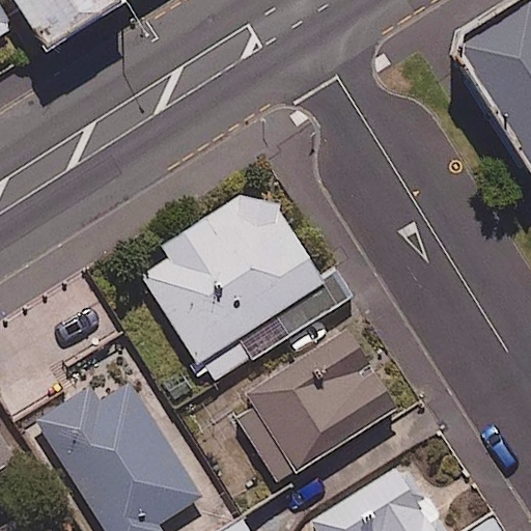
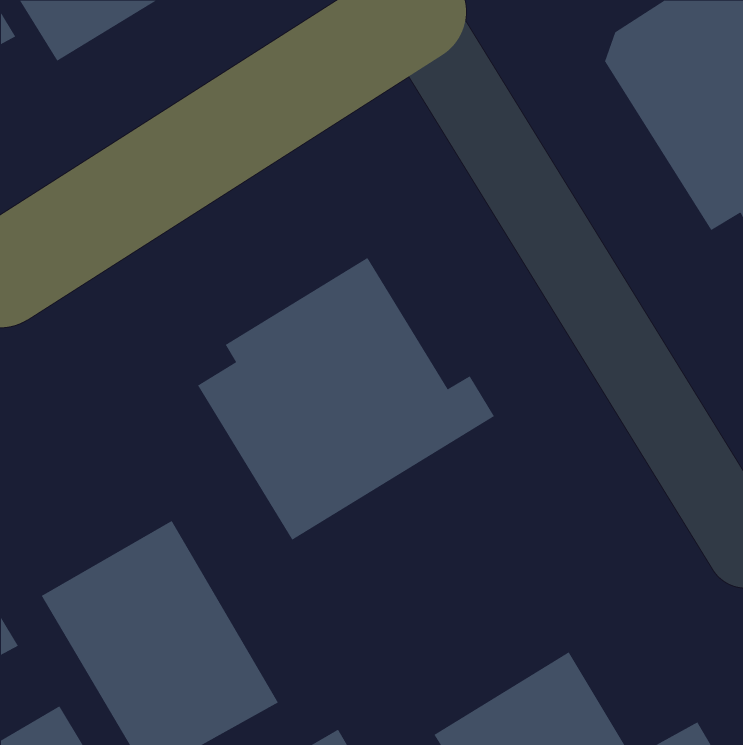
building: [228,329,397,483] -> none

